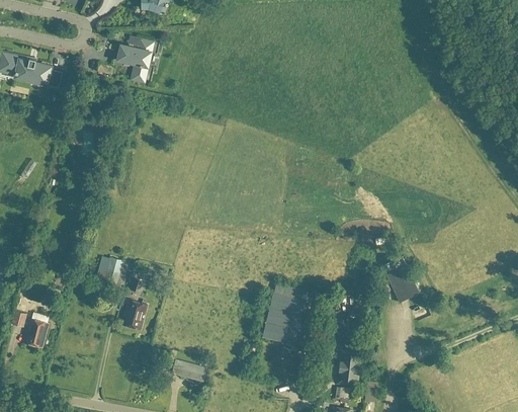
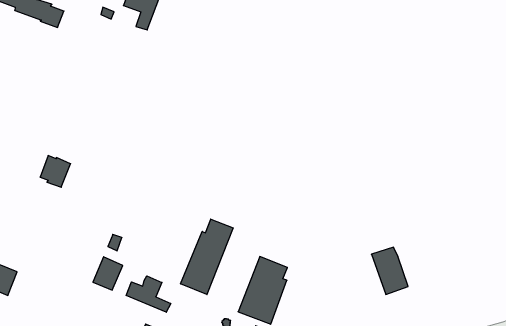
building: none -> [181,219,233,295]
building: [95,256,122,284] -> [40,156,71,187]
building: none -> [126,276,171,312]

